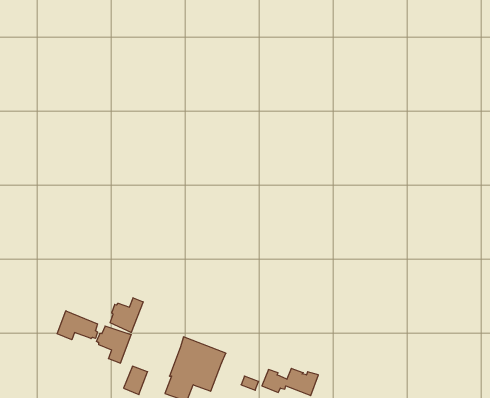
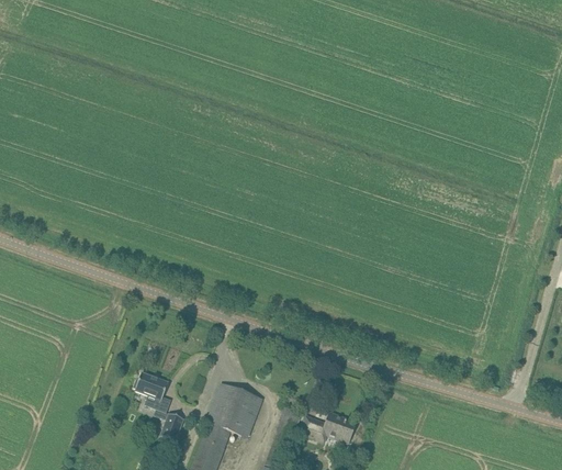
building: [110,298,143,332] -> none
building: [57,311,97,340] -> none

